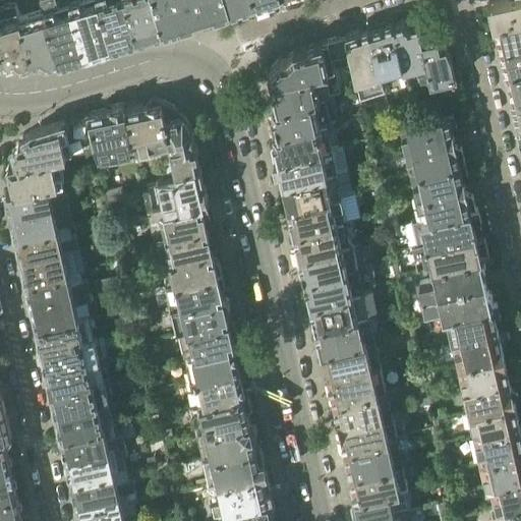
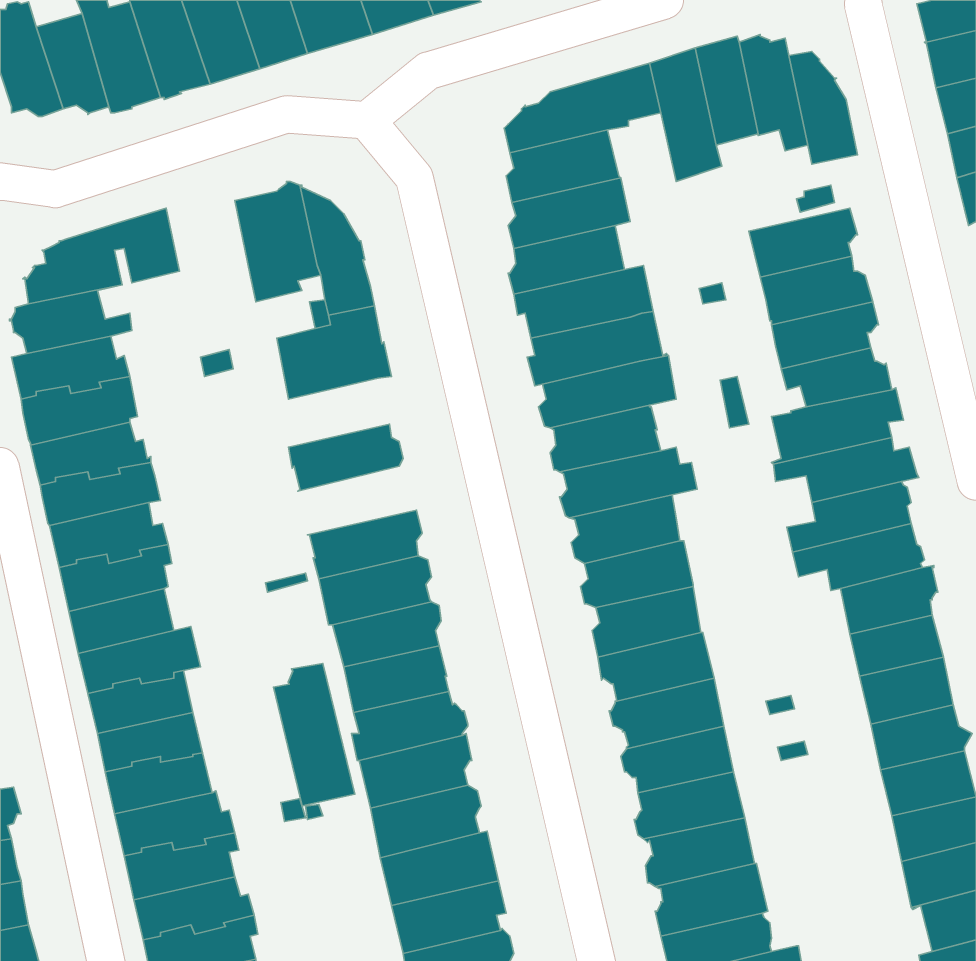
building: [89,110,133,174] -> none
building: [148,210,210,246] -> none
building: [159,256,222,293] -> none
building: none -> [273,663,355,806]

